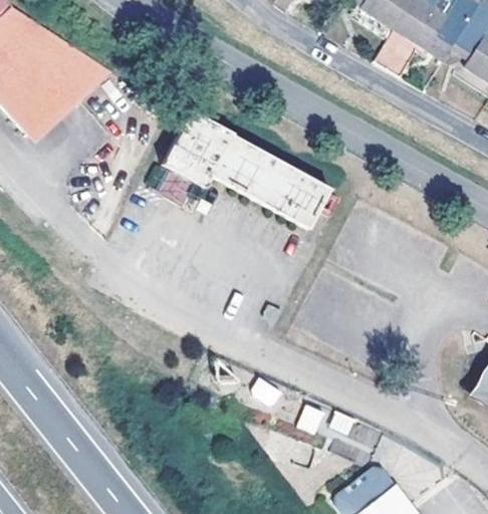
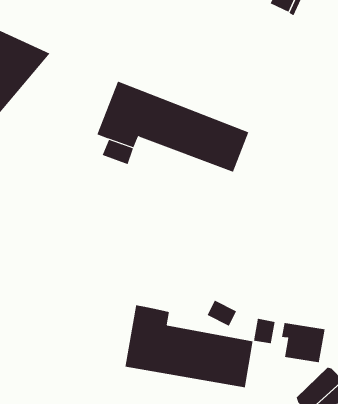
building: none -> [125,305,253,388]

